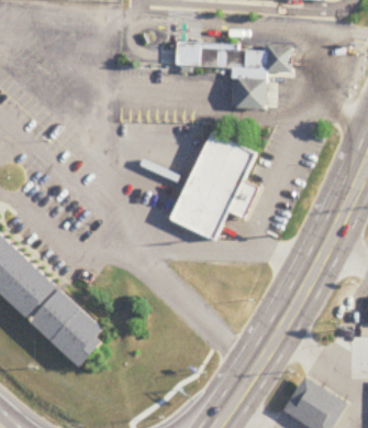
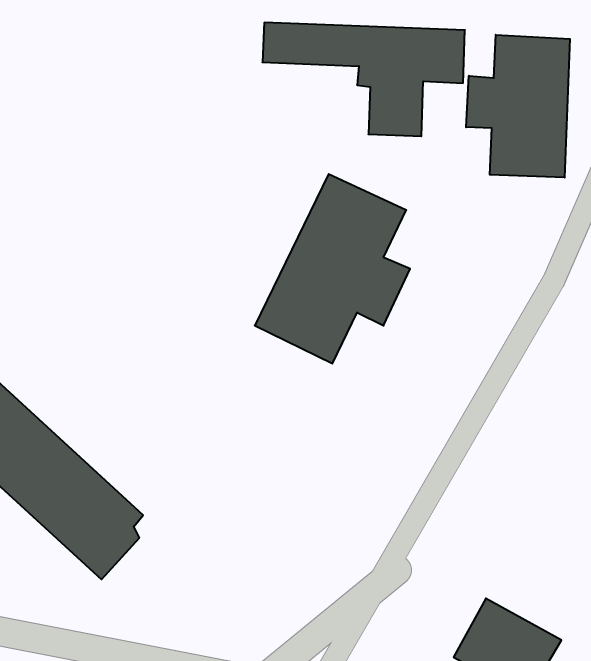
building: none -> [466,35,570,178]

